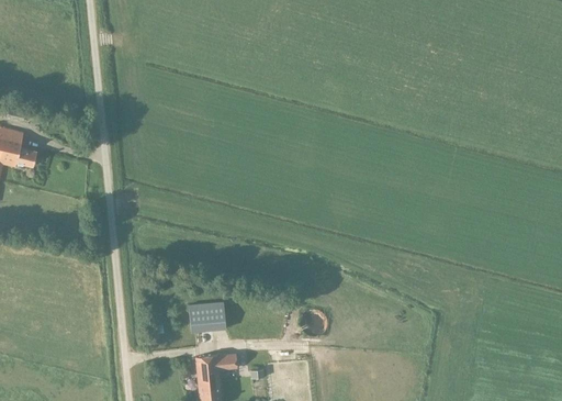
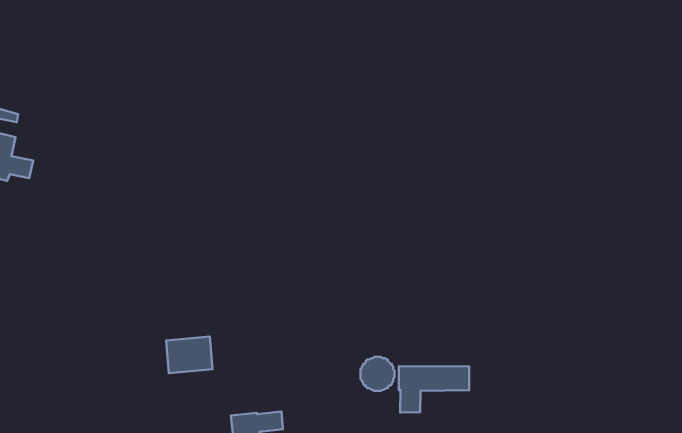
building: [188,302,225,332] -> [166,336,212,373]
building: none -> [399,366,469,412]

